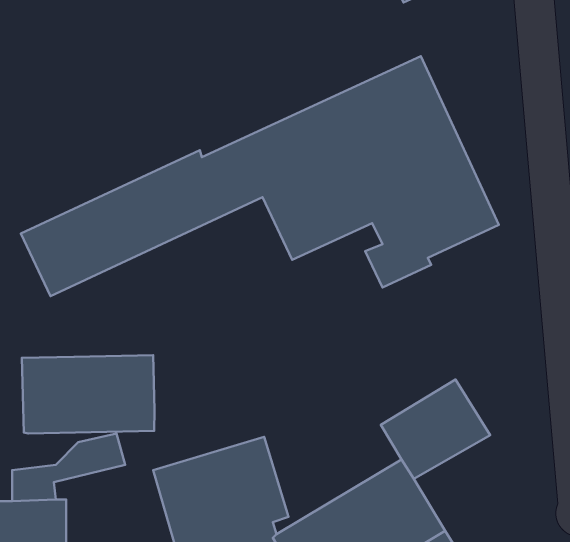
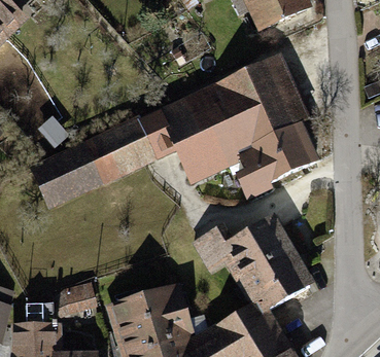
building: none -> [196,215,291,278]
building: [22,355,154,434] -> none

